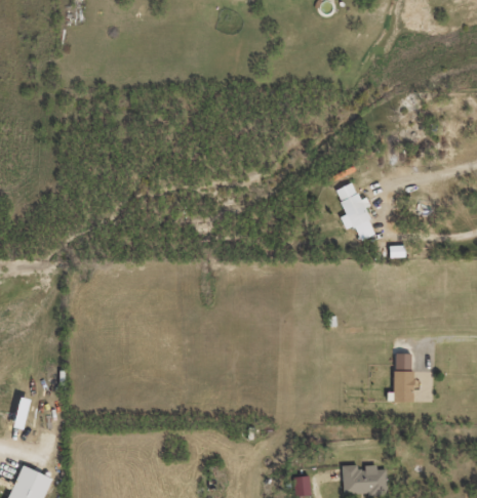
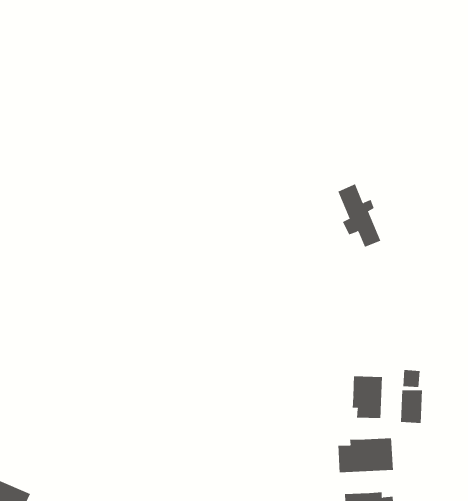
building: none -> [352,376,382,419]
building: none -> [338,438,393,473]

